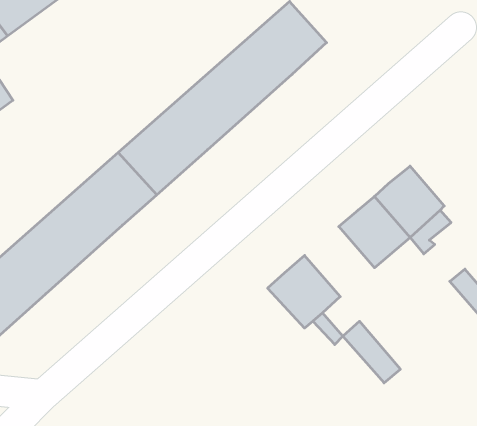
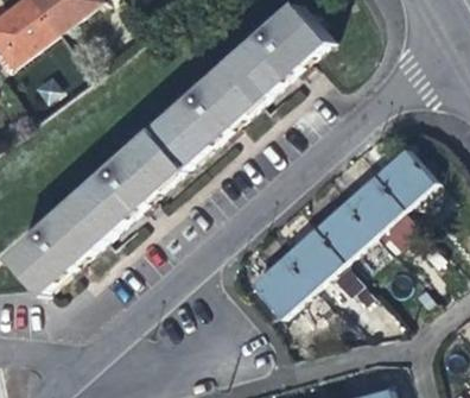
building: none -> [312,198,373,259]
building: none -> [248,252,312,315]

